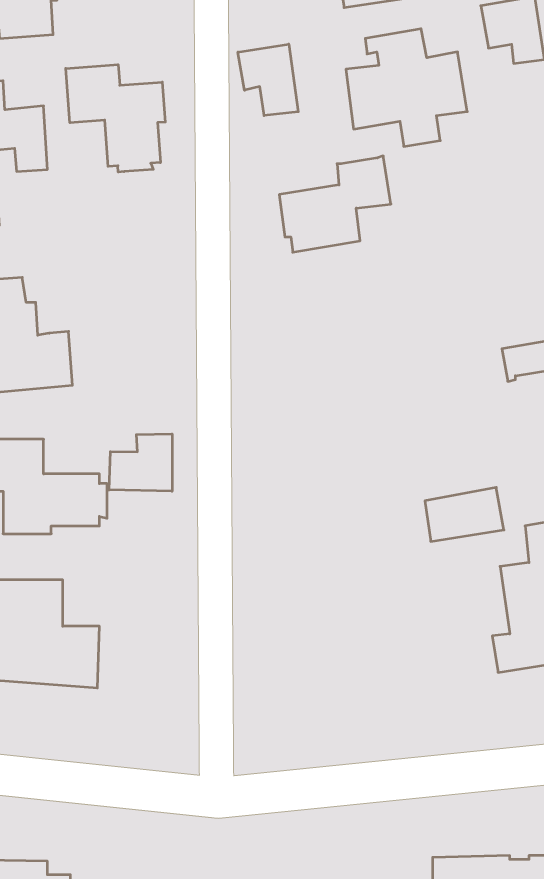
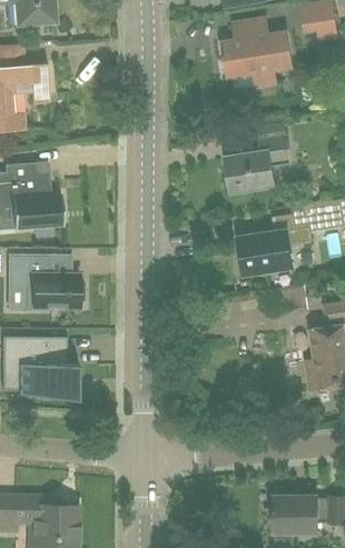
building: [238,44,298,116] -> none
building: [66,65,165,172] -> none
building: [279,156,391,252] -> [226,136,290,191]
building: none -> [238,211,310,272]
building: [109,434,172,491] -> none

